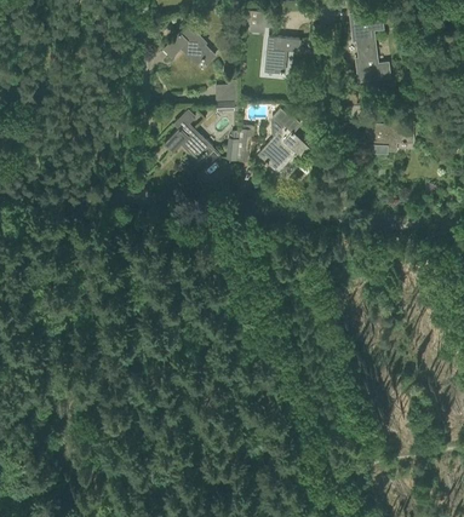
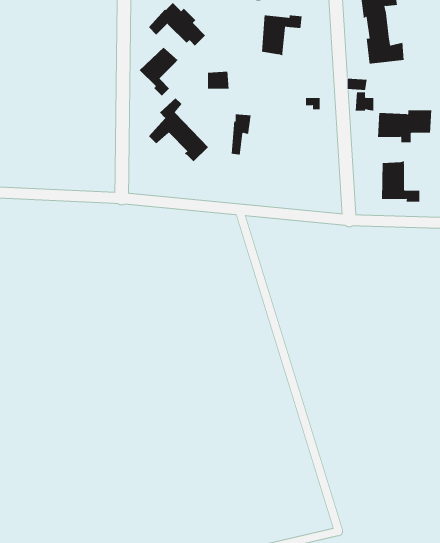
building: none -> [139,47,179,97]
building: [259,109,308,167] -> none
building: none -> [381,161,420,202]

